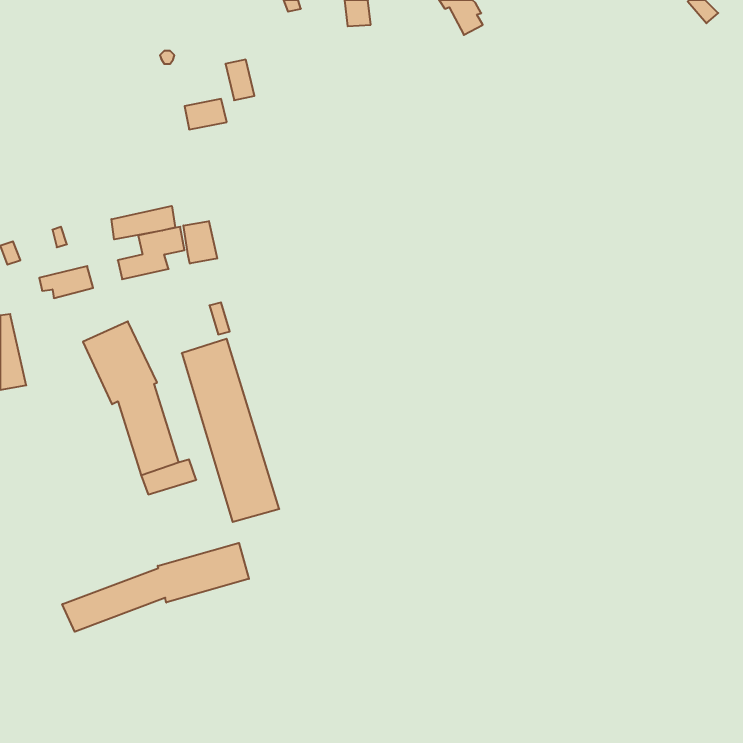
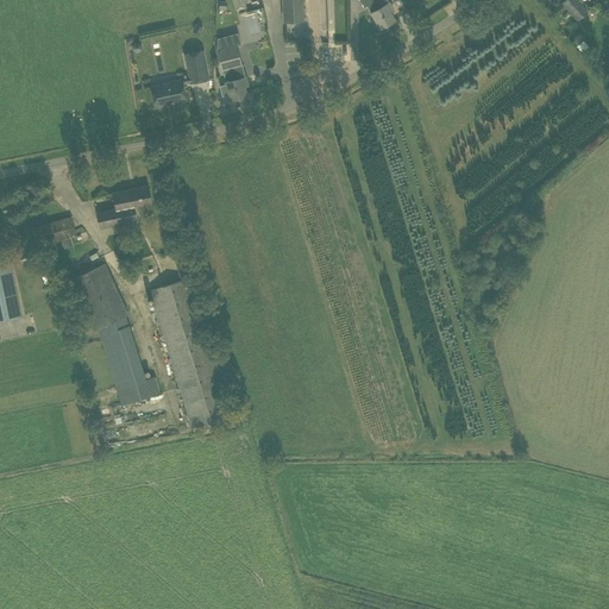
building: none -> [216,45,247,100]
building: [111,206,175,239] -> none
building: [183,221,217,264] -> none
building: [62,543,249,632] -> none

